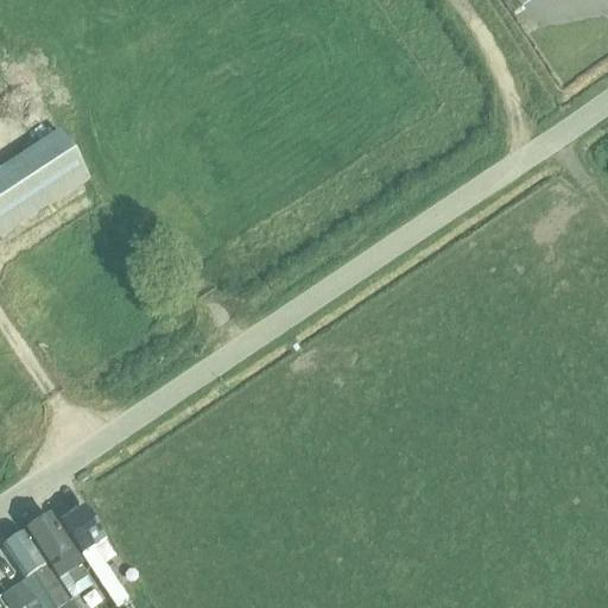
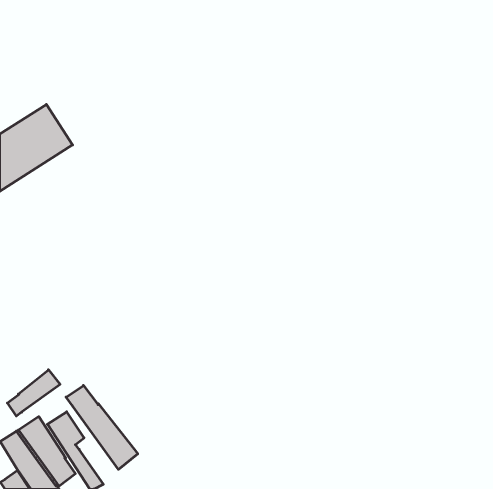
building: none -> [7,370,60,416]
building: none -> [66,385,138,469]

